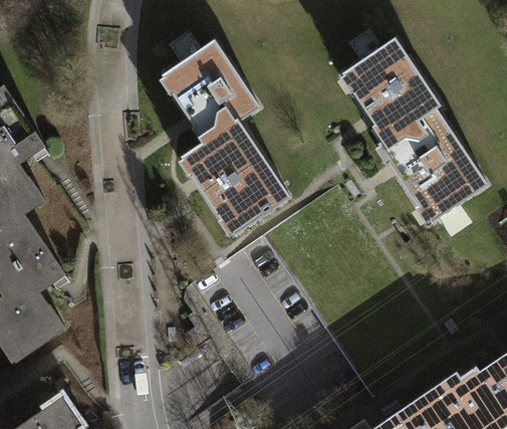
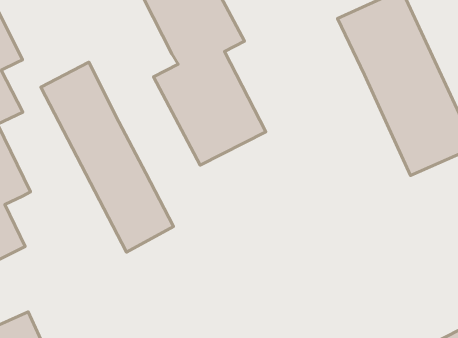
building: none -> [41,62,173,252]

